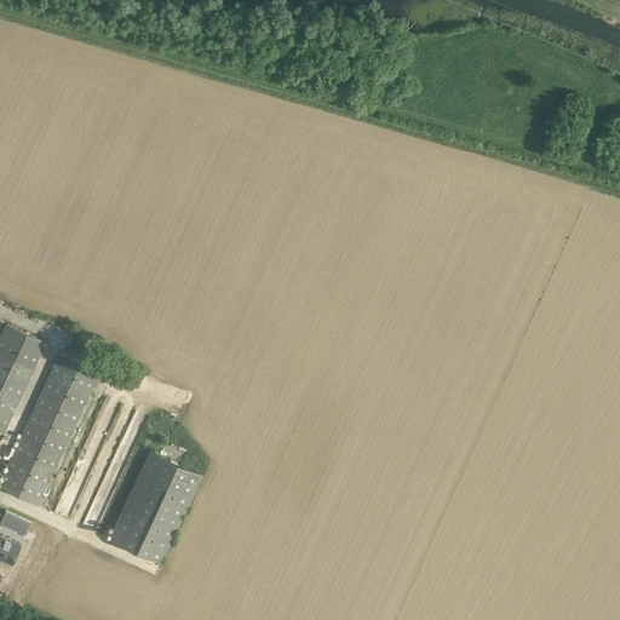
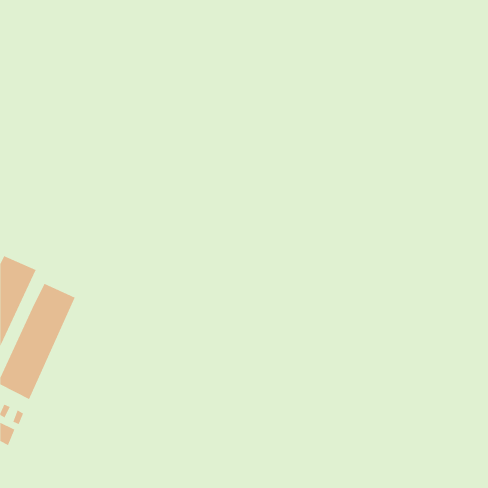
building: [108,452,202,566] -> none

